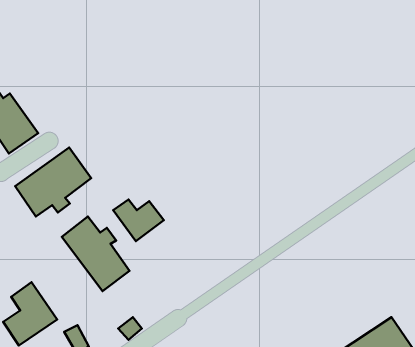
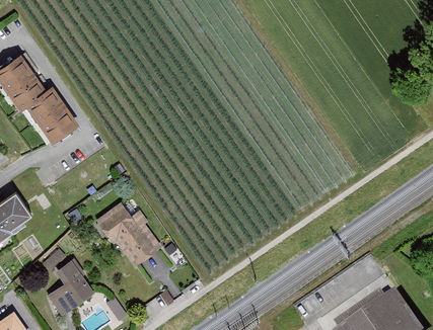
building: [15,148,91,216] -> none
building: [113,199,164,241] -> none

